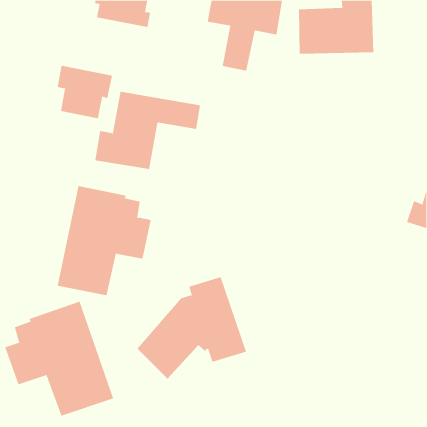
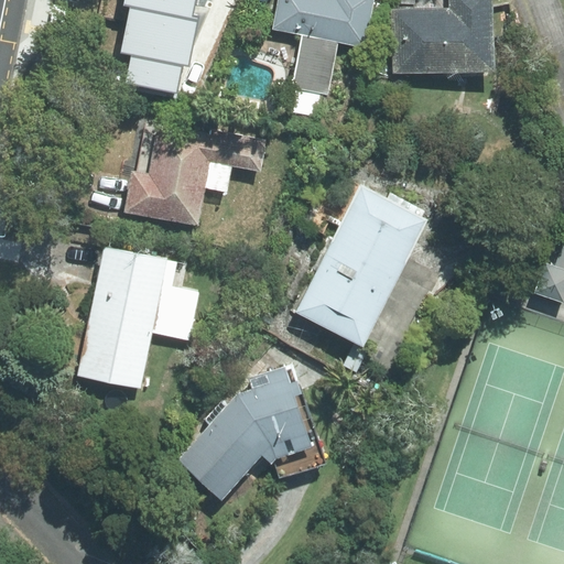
building: [57,65,113,119] -> [121,23,195,94]
building: none -> [296,186,426,345]
building: [5,301,114,417] -> none

